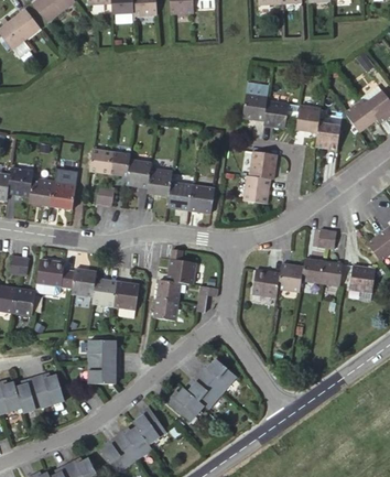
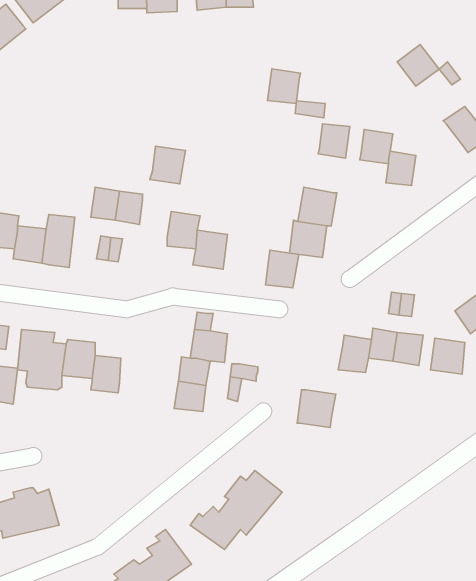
building: [242,93,268,119] -> [267,69,301,104]
building: [344,100,376,132] -> [397,45,439,86]
building: [124,159,152,187] -> [150,146,186,184]
building: [191,185,216,214] -> [266,250,299,288]
building: [252,268,282,296] -> [297,390,336,427]
building: [110,280,134,308] -> none
building: [86,345,121,391] -> none

